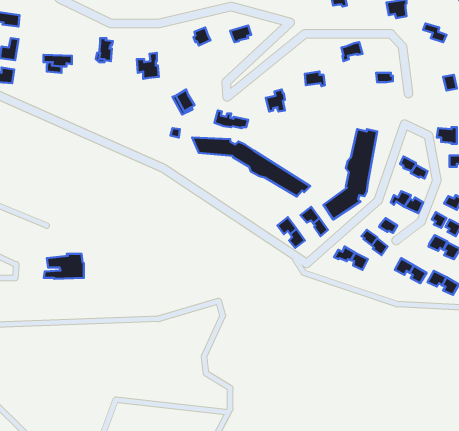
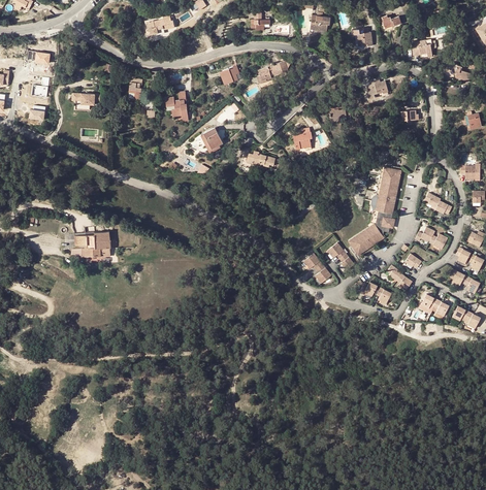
building: [192,137,310,196] -> none
building: [44,254,84,279] -> [70,231,109,256]

